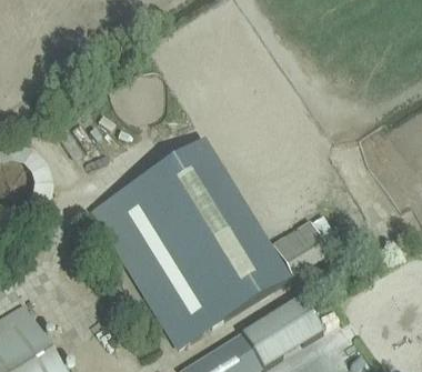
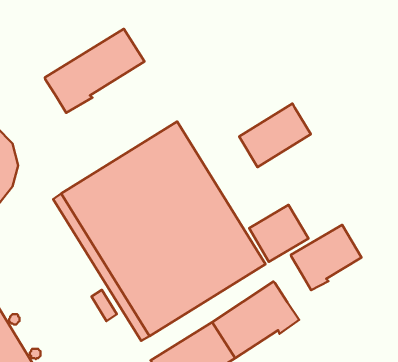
building: none -> [45,29,144,113]
building: none -> [239,104,311,167]
building: none -> [291,225,362,290]

